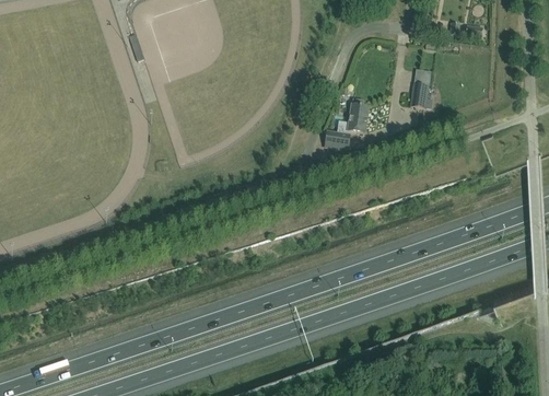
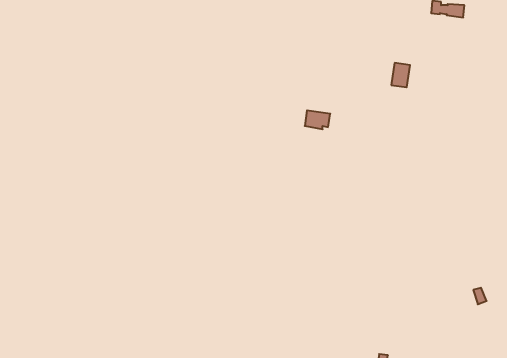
building: [348,98,369,132] -> none

